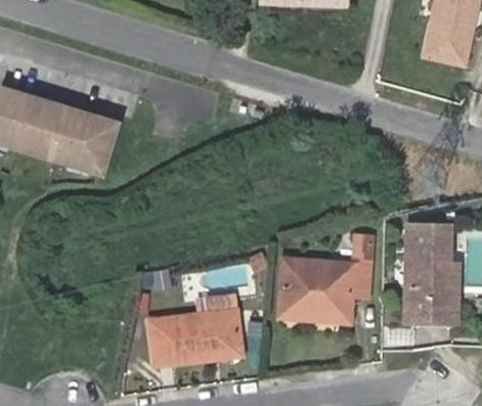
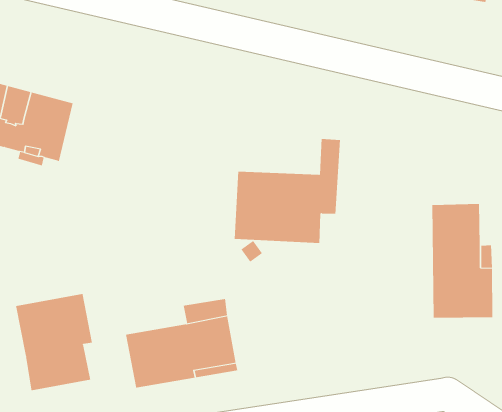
building: [279,236,373,323] -> [234,139,341,243]
building: none -> [15,293,93,391]

